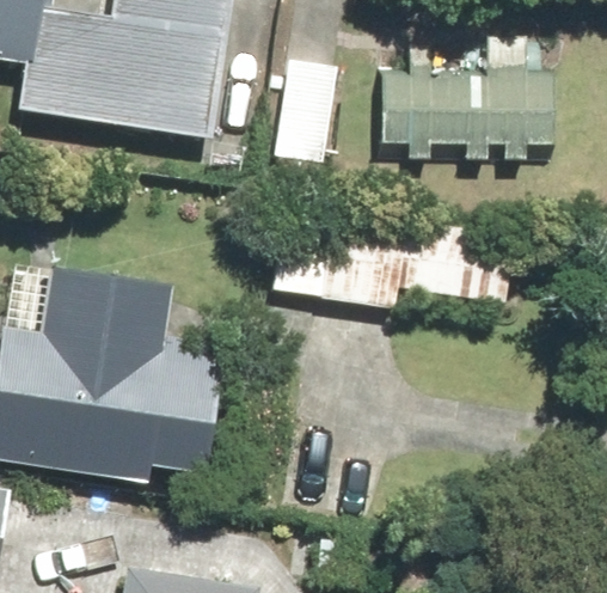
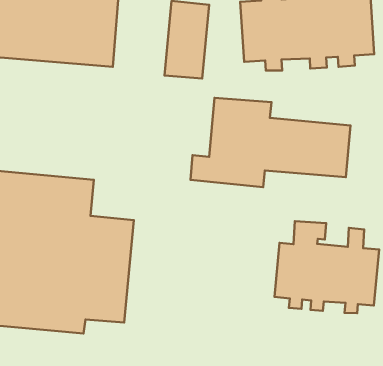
building: none -> [274,221,379,313]

